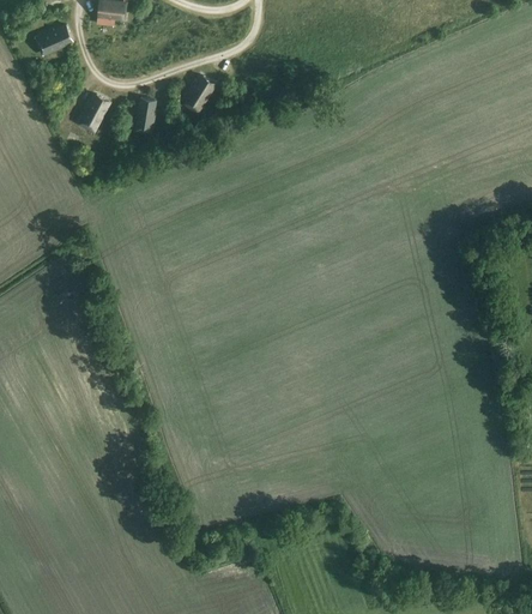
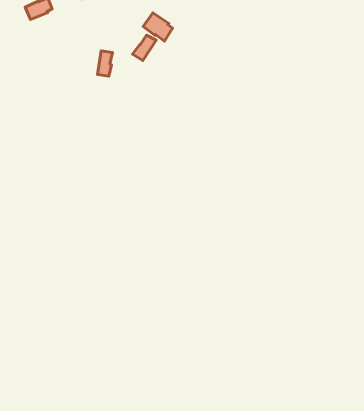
building: none -> [143,13,173,41]
building: [78,94,108,130] -> none

